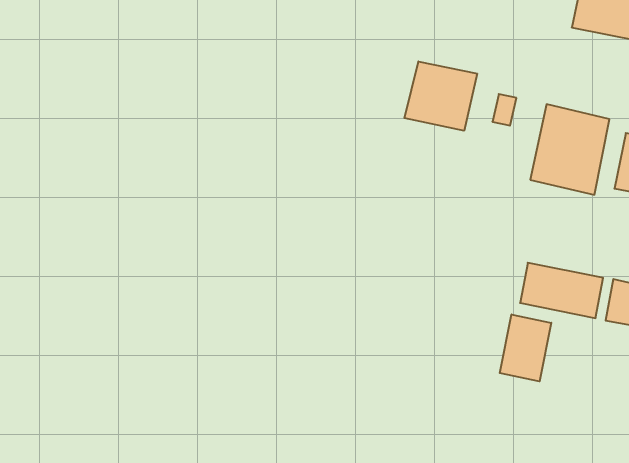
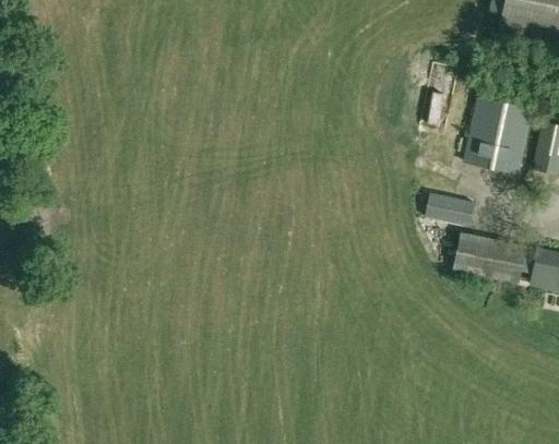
building: [404,61,477,131] -> none
building: none -> [425,193,475,226]
building: [500,314,551,381] -> none

